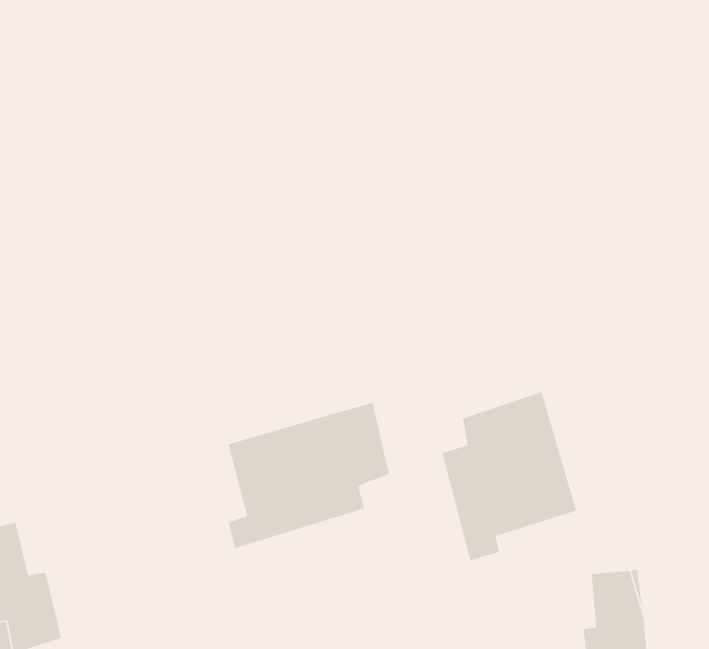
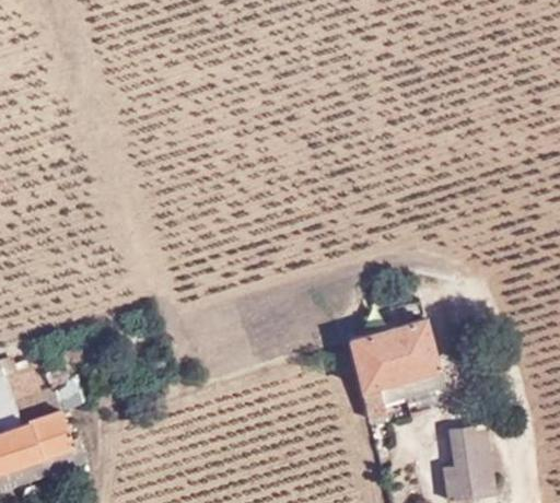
building: [228,402,390,549] -> none

